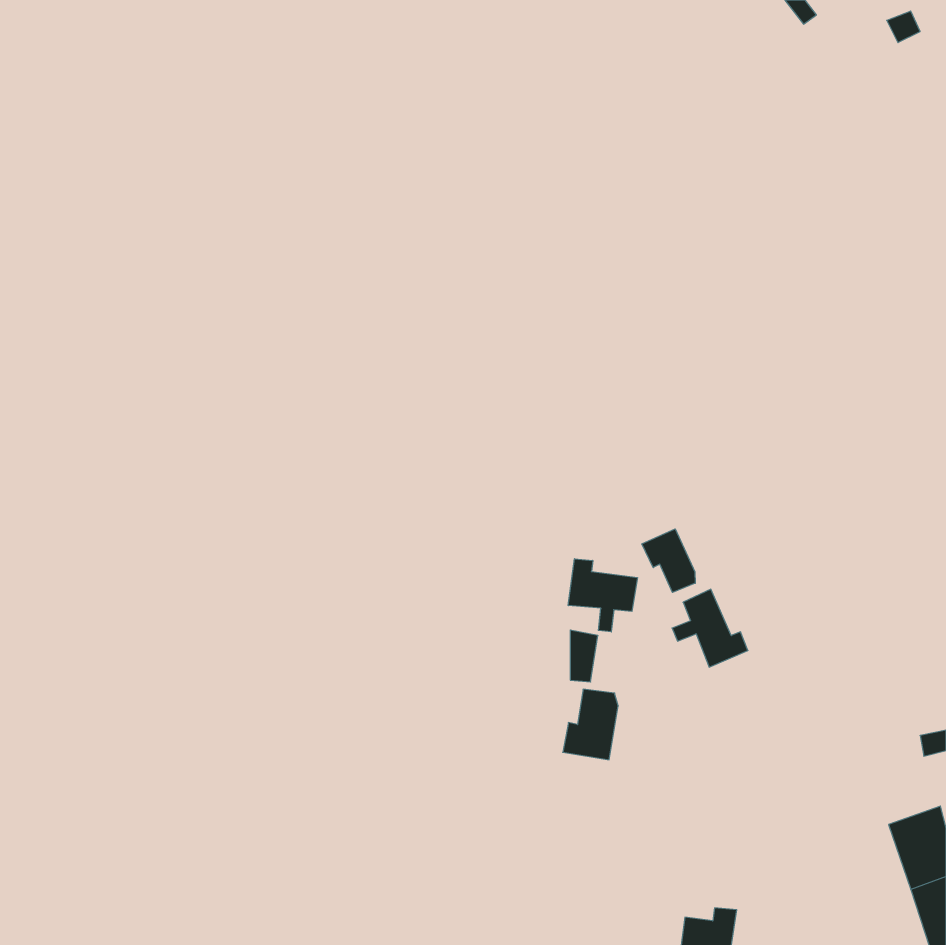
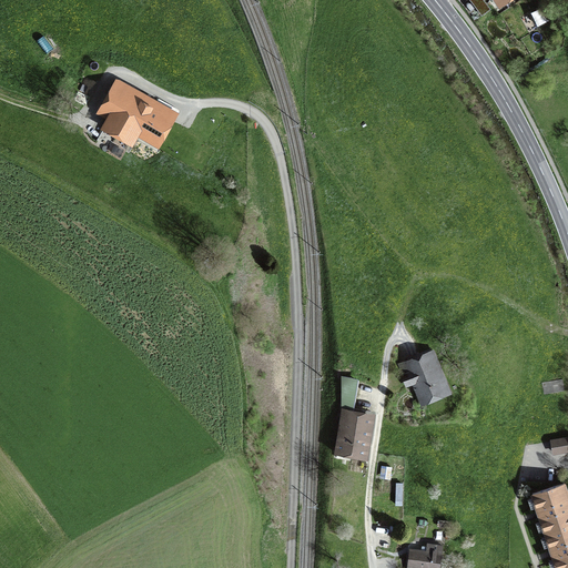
building: none -> [101,80,174,143]
building: [642,529,695,592] -> none
building: [568,559,637,632] -> none

